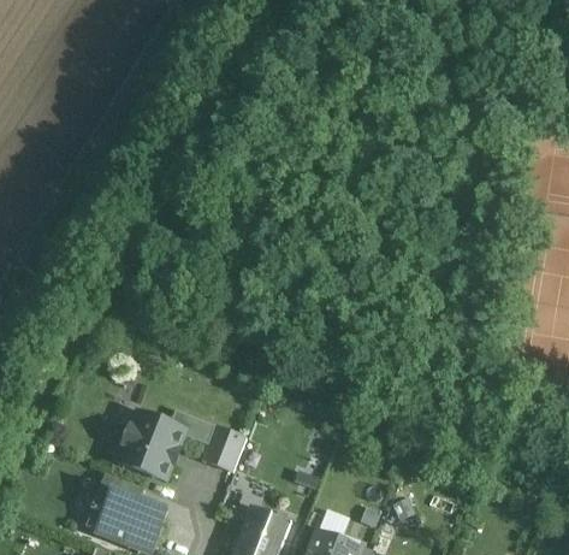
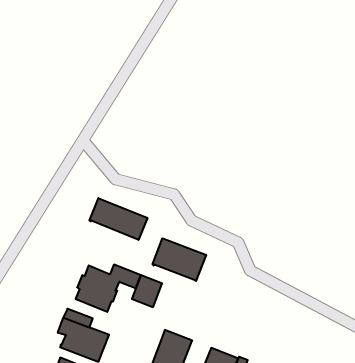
building: none -> [89,198,147,240]
building: none -> [153,238,206,281]

